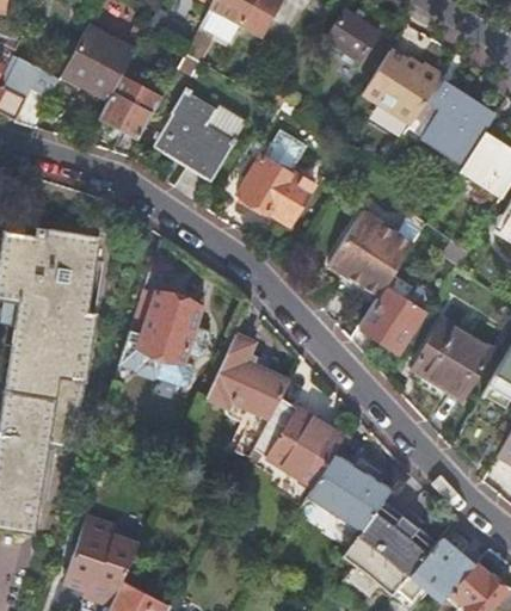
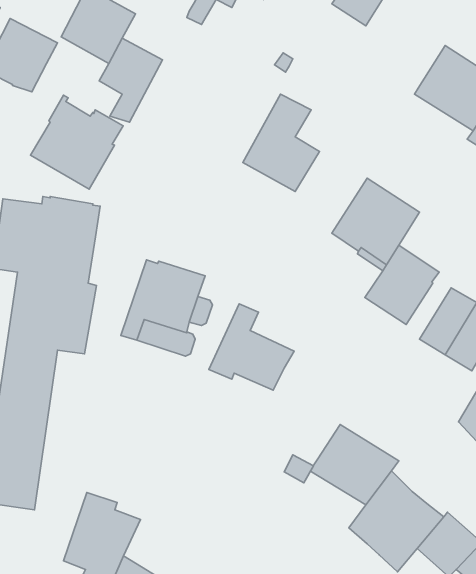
building: [362,50,442,123] -> none
building: [154,87,245,179] -> [31,95,123,189]
building: [253,397,343,487] -> none

